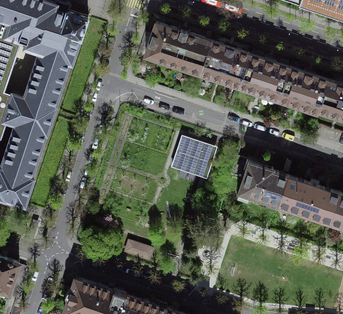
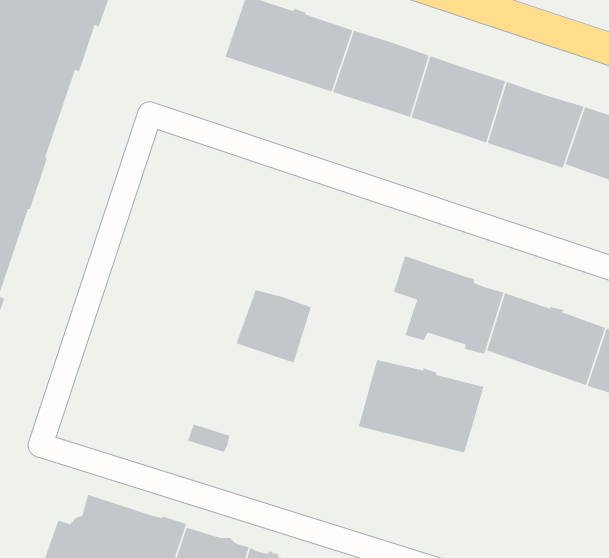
building: [171,136,210,174] -> [236,289,312,363]
building: none -> [358,359,485,460]

